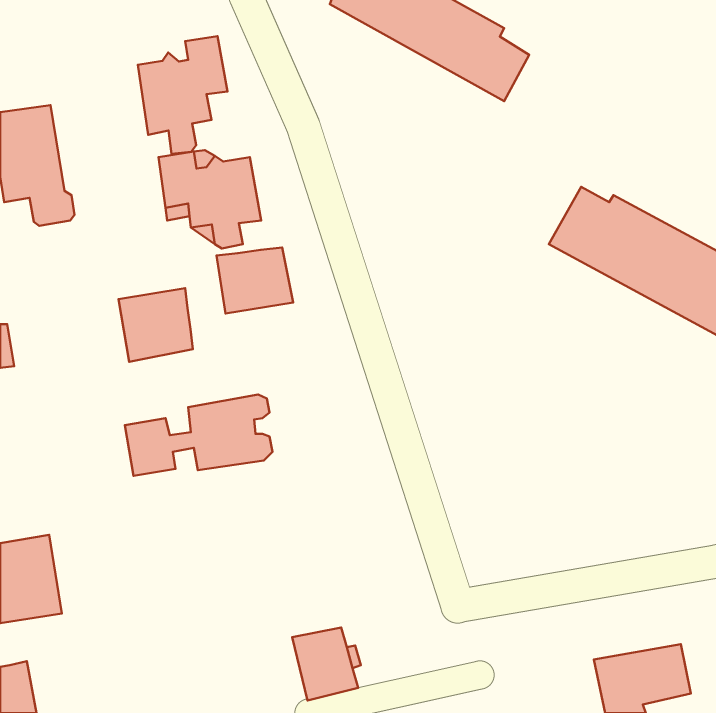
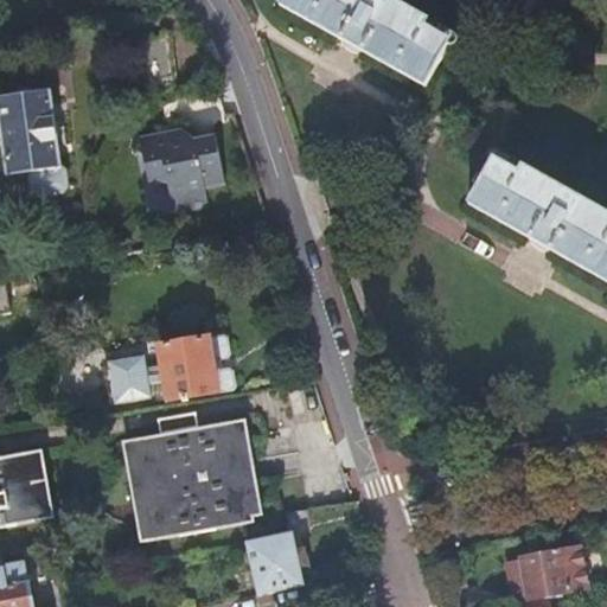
building: [138,36,227,154] -> none
building: [217,247,293,313] -> none
building: [119,288,193,362] -> none
building: none -> [128,416,255,538]

